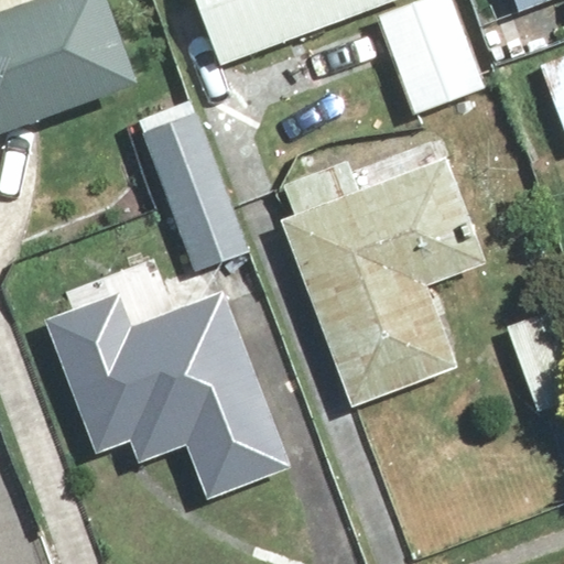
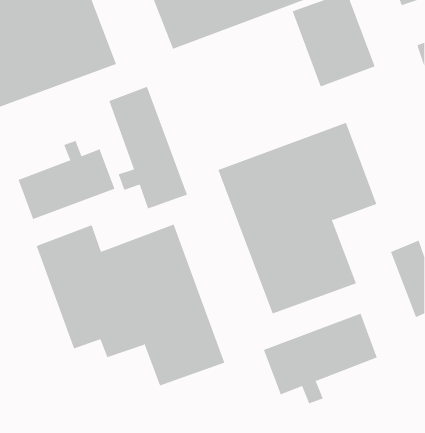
building: none -> [18,140,115,220]
building: none -> [263,313,378,404]

